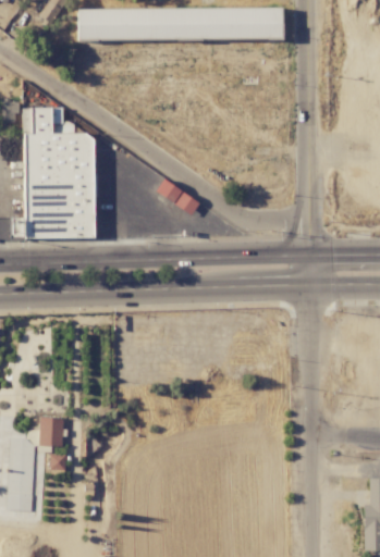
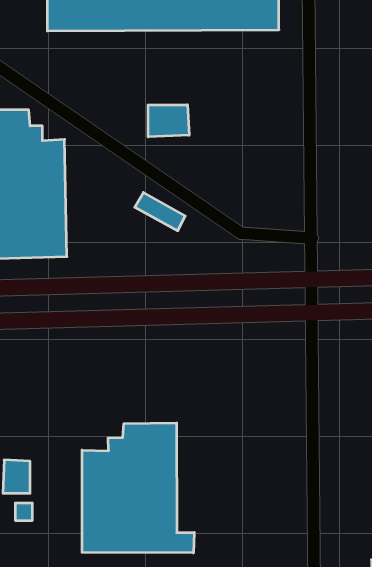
building: none -> [148,105,189,137]
building: none -> [82,423,194,553]

